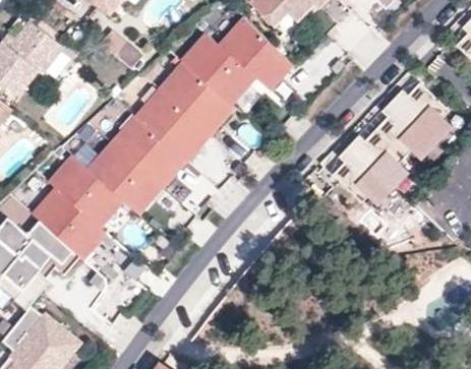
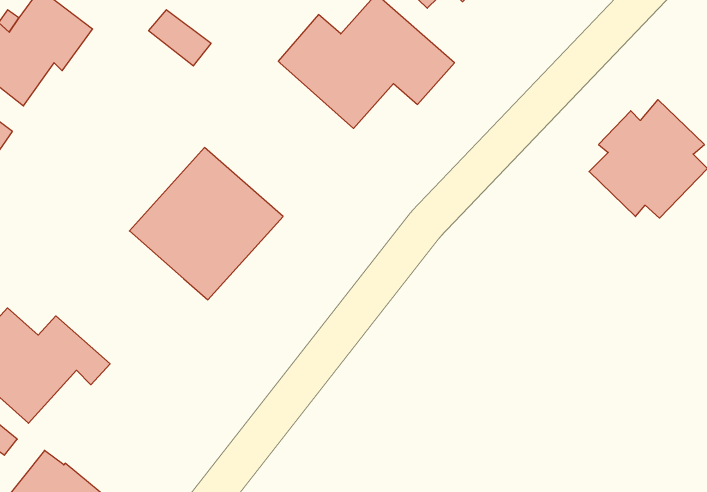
building: [133,63,231,161] -> none
building: [335,132,409,207] -> none
building: [30,157,120,259] -> none

